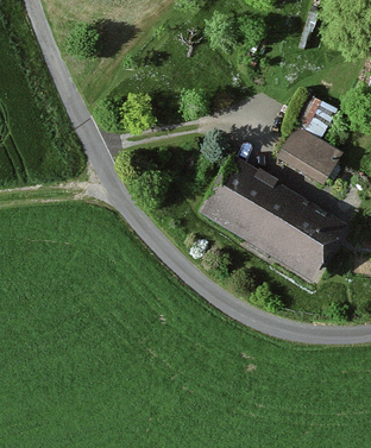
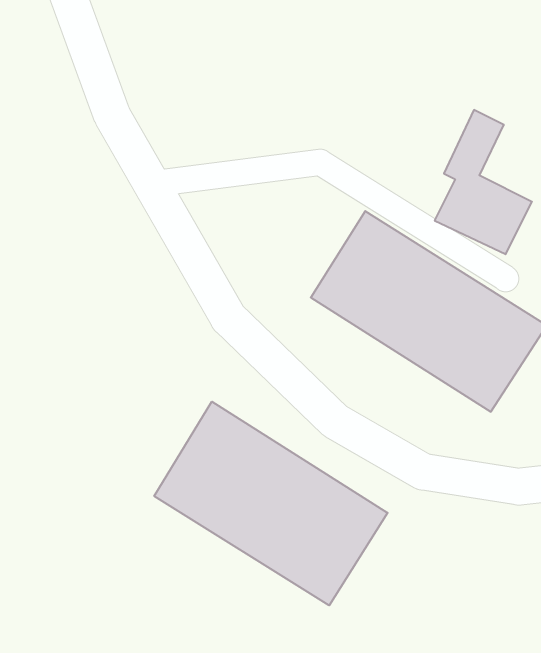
building: none -> [154,402,388,605]

